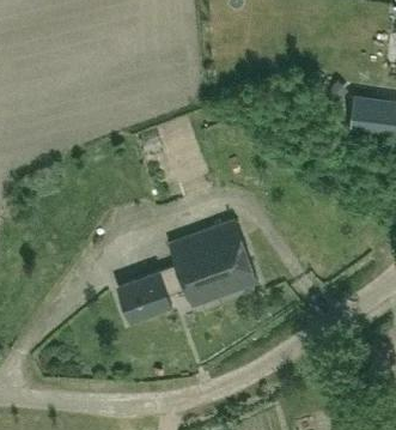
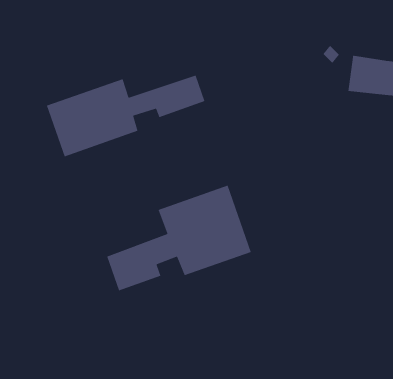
building: none -> [46,74,206,157]

